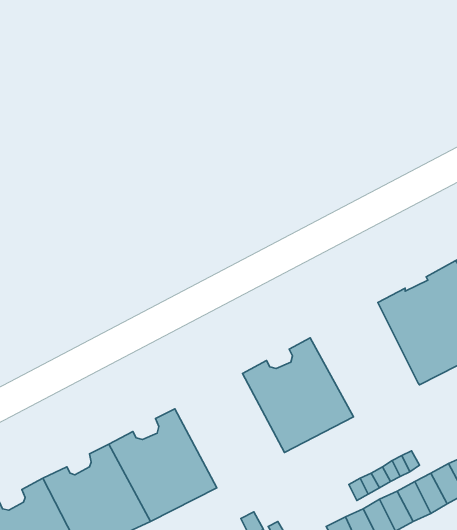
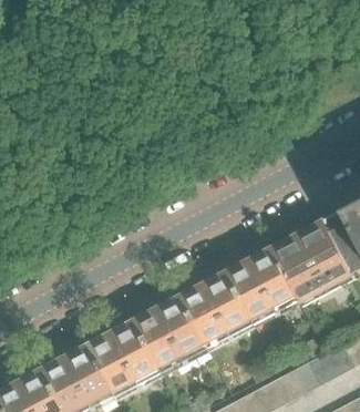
building: none -> [224,247,298,326]
building: none -> [131,296,206,374]

